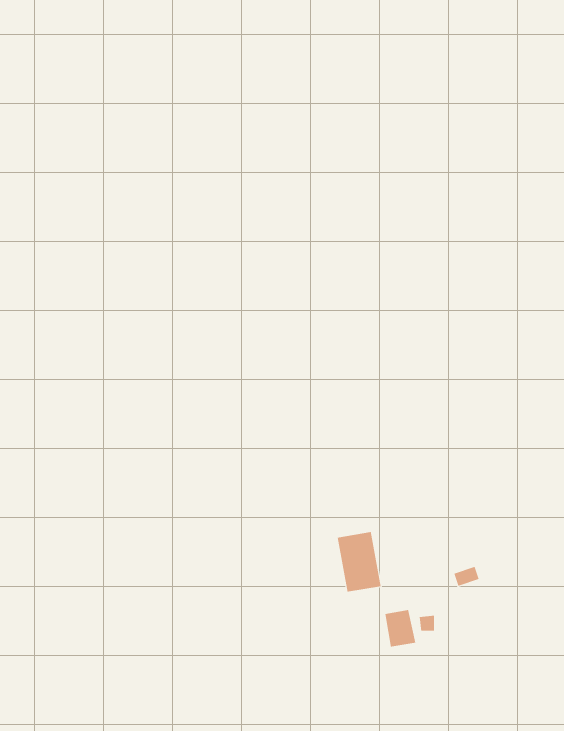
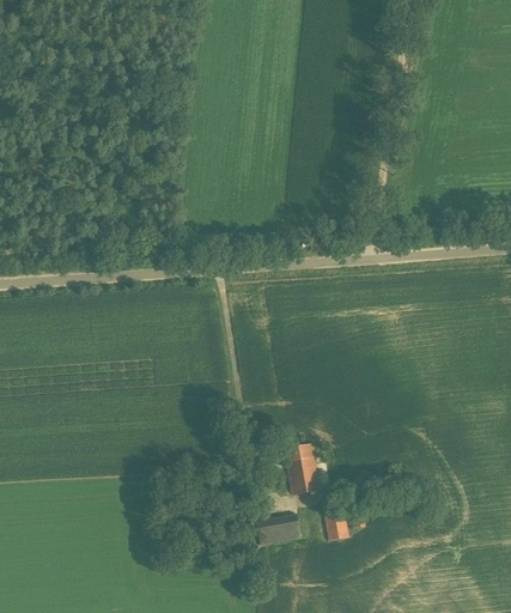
building: none -> [255,514,300,546]

